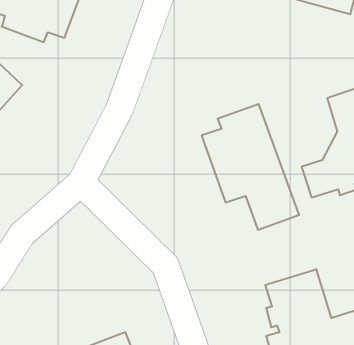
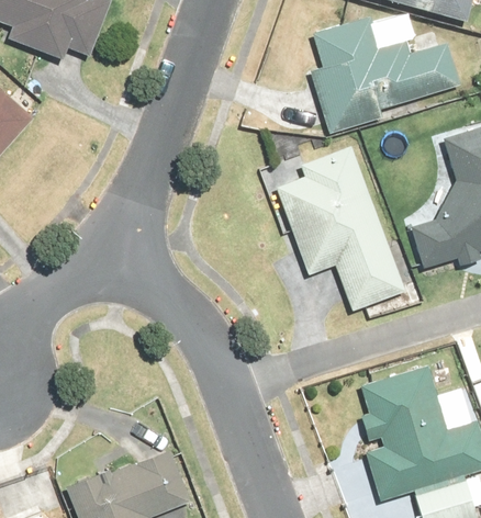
building: none -> [309,14,459,133]

